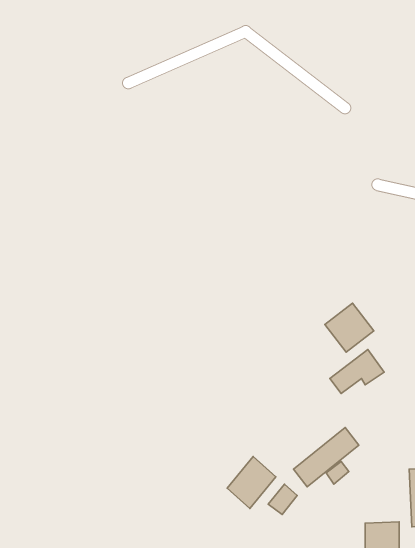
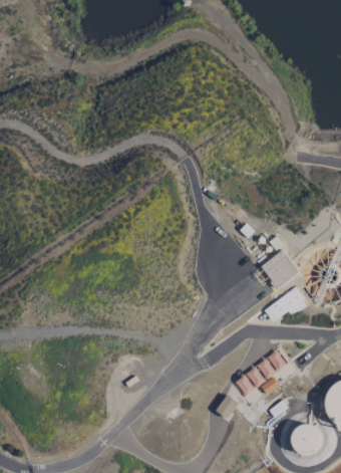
building: [227,456,276,509] -> none

